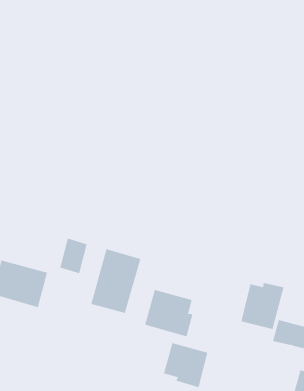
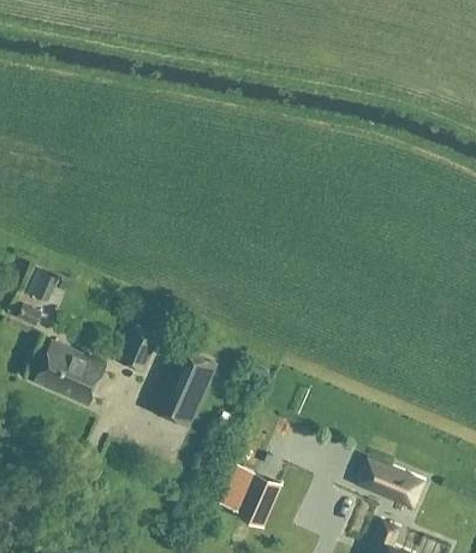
building: [241,282,284,330] -> none
building: [145,289,193,337] -> none

